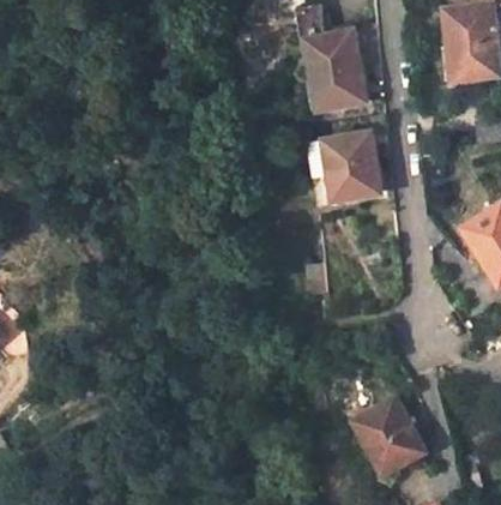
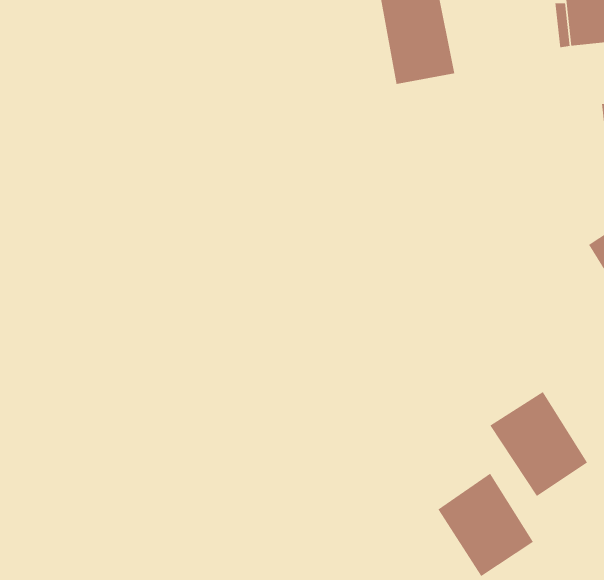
building: [308,137,380,200] -> none
building: none -> [490,391,588,497]

